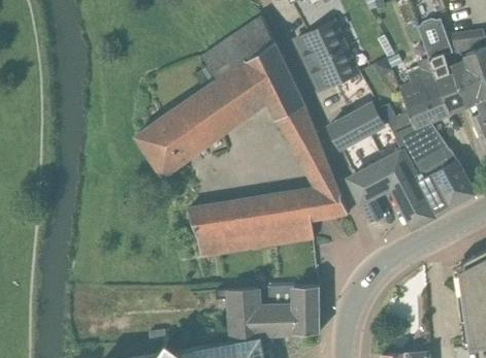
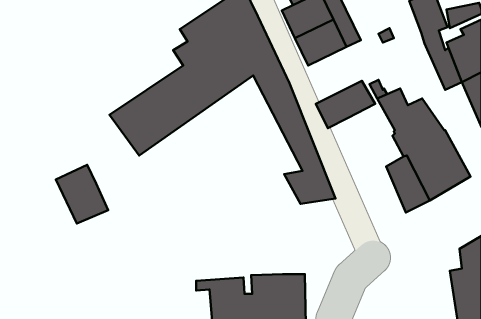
building: [398,58,451,126] -> none
building: [350,151,412,222] -> none
building: none -> [56,165,108,223]
building: [188,191,315,256] -> none

